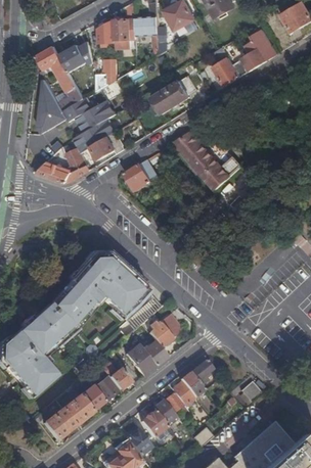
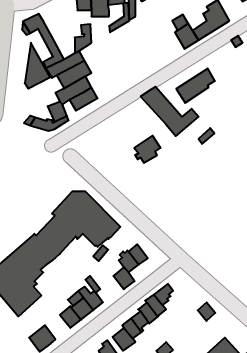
building: [59,42,94,74] -> none
building: [151,76,196,115] -> [176,69,215,103]
building: [124,159,154,191] -> [134,136,161,163]
building: [124,344,153,376] -> none
building: [61,395,91,425] -> none

